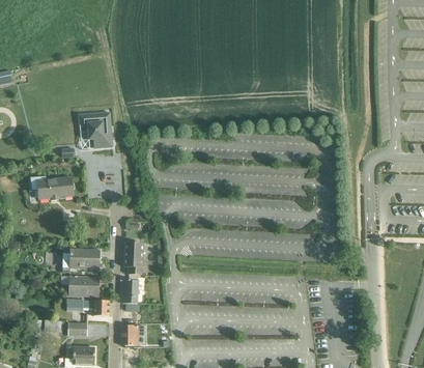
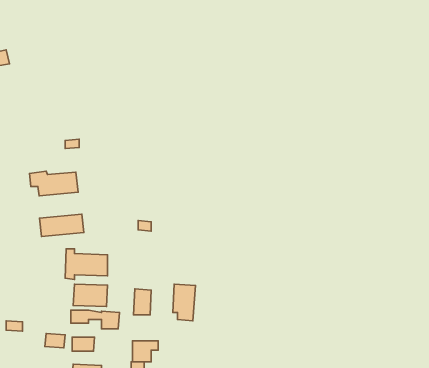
building: [78,112,112,148] -> none
building: none -> [39,214,84,236]
building: [123,242,143,274] -> [173,284,195,321]

